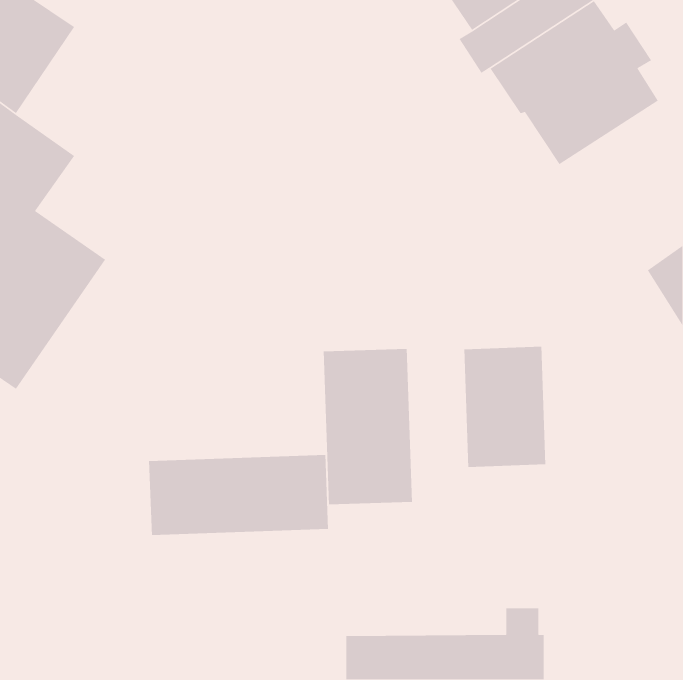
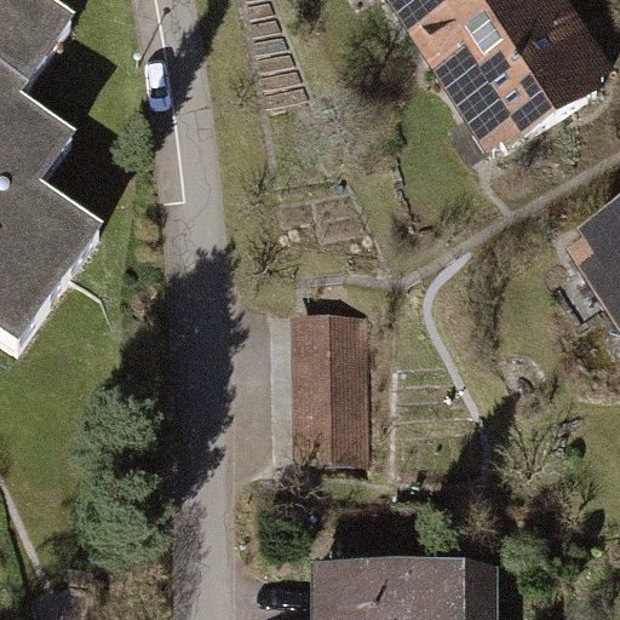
building: [463,346,546,468] -> none
building: [148,454,329,536] -> none

